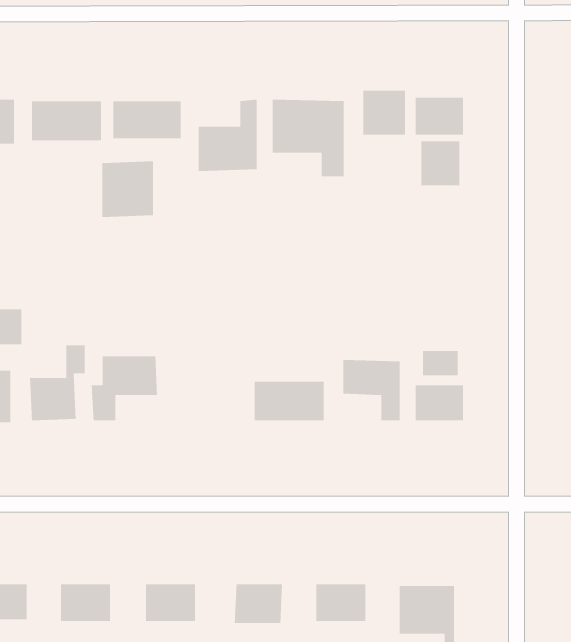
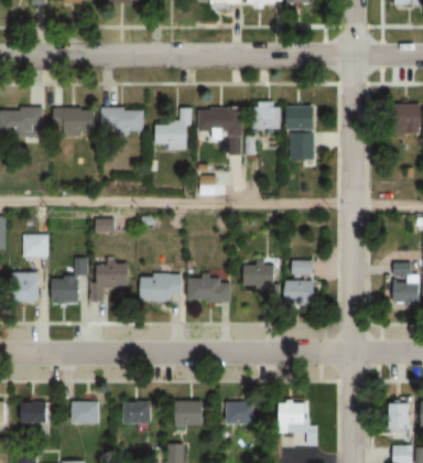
building: [102,160,154,218] -> none
building: none -> [142,274,181,302]

